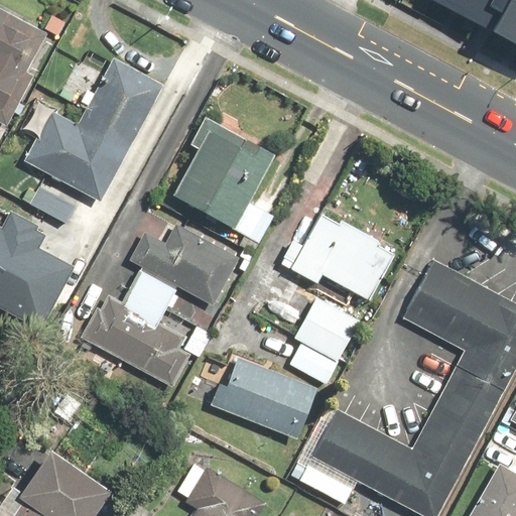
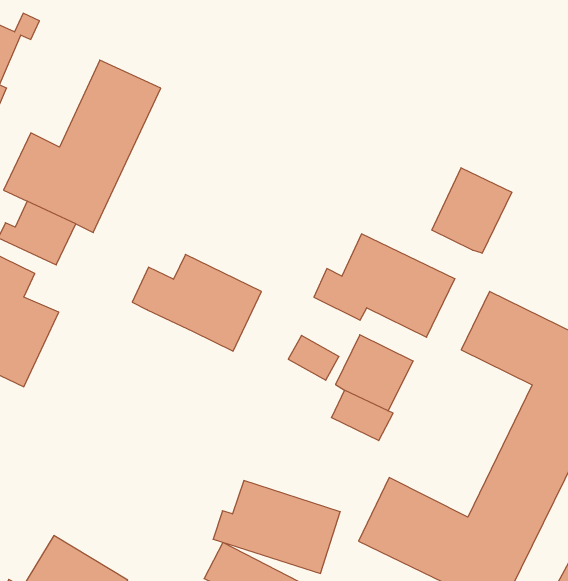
building: [173,115,275,241] -> none
building: none -> [432,168,512,253]
building: [84,266,214,387] -> none
building: [212,357,318,437] -> [213,481,340,573]

